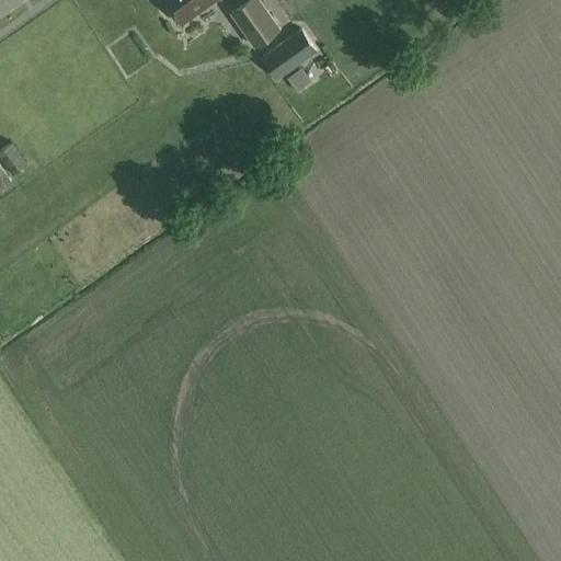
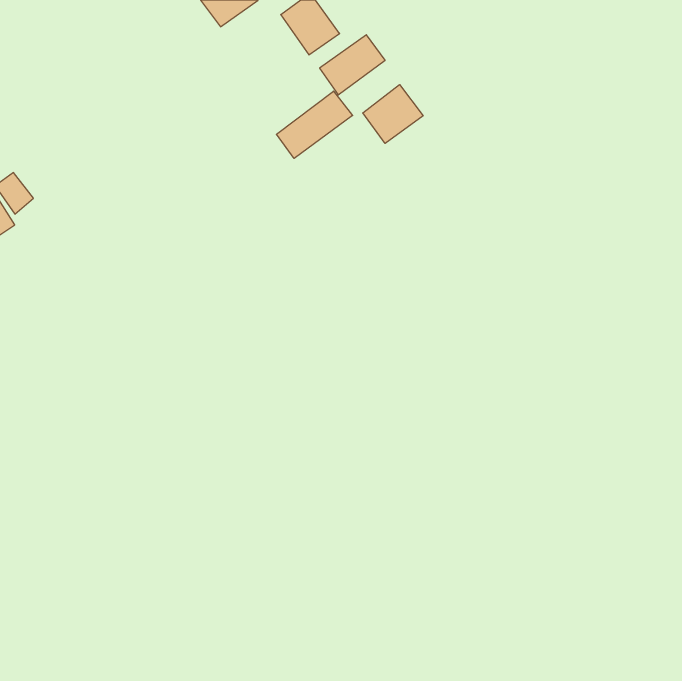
building: none -> [363,85,423,143]
building: none -> [276,91,353,158]

